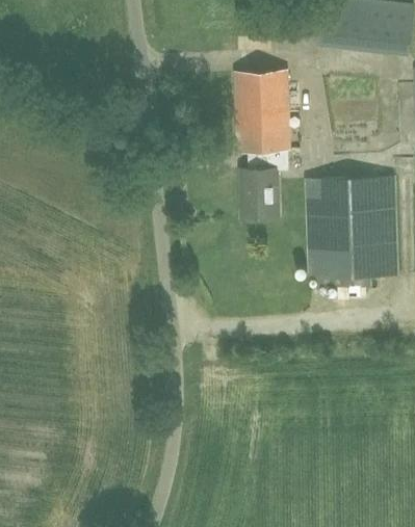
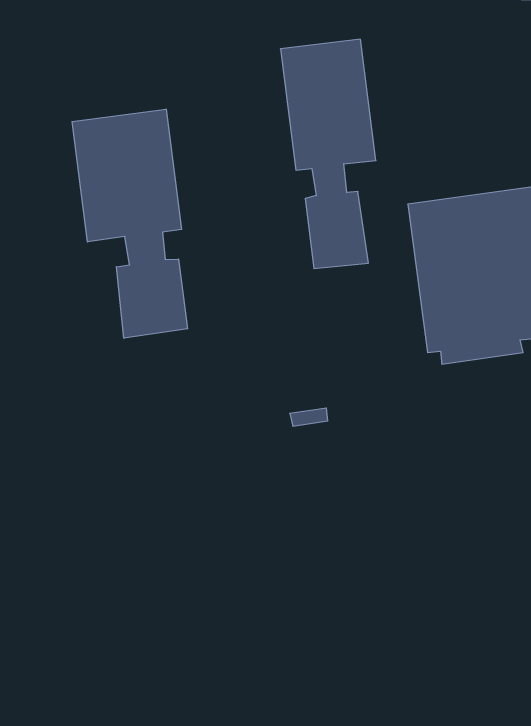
building: none -> [72,109,188,338]

